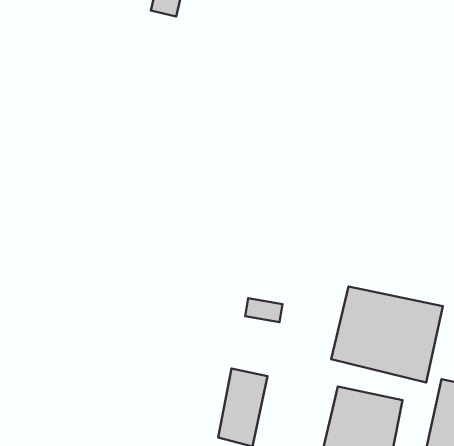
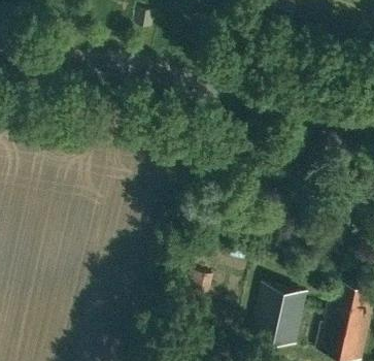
building: [331,287,443,382] -> none

